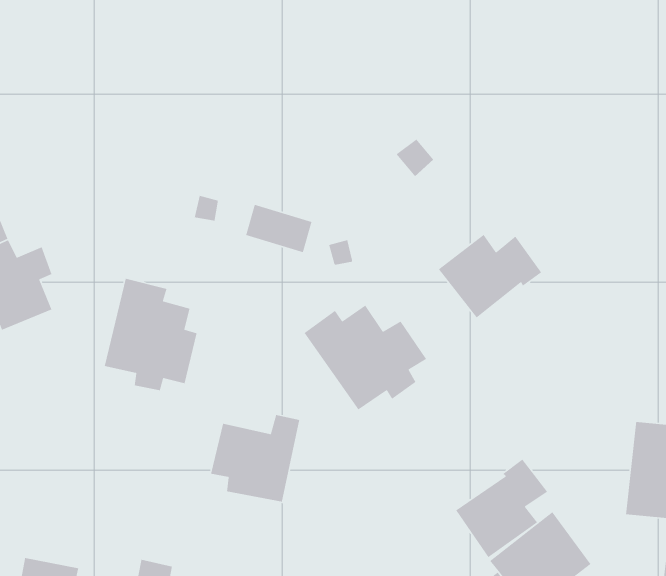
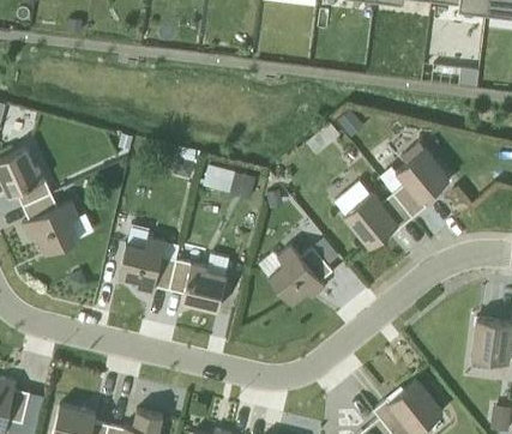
building: none -> [393,138,451,213]
building: [210,414,300,502] -> [169,248,230,308]
building: [455,458,548,558] -> none

